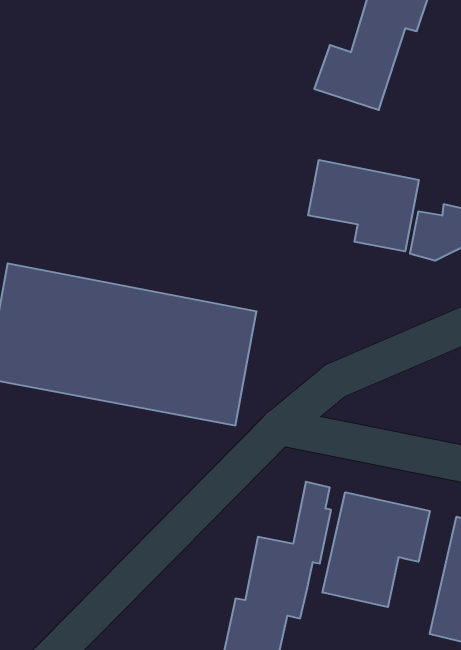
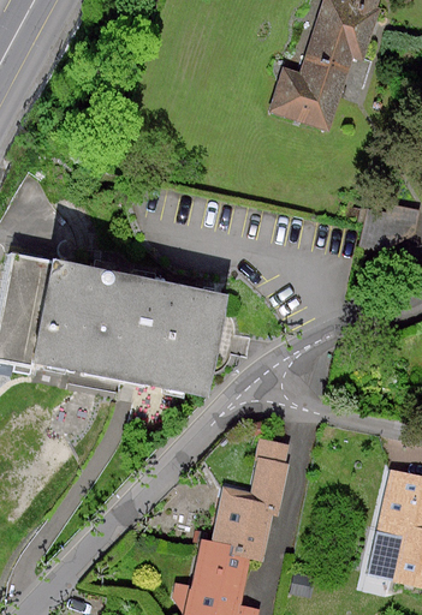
building: [308,160,419,251] -> none
building: [322,492,430,607] -> none

